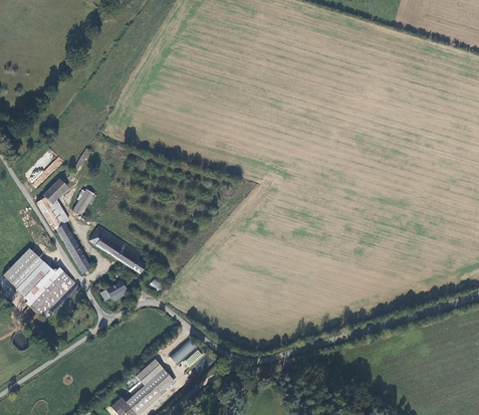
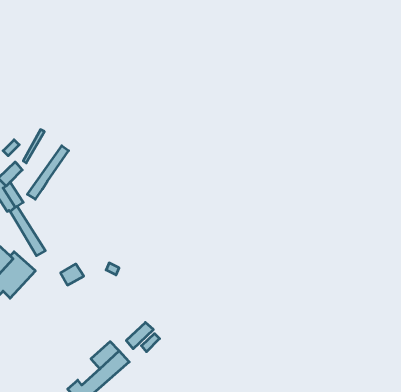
building: [90,226,144,271] -> none

